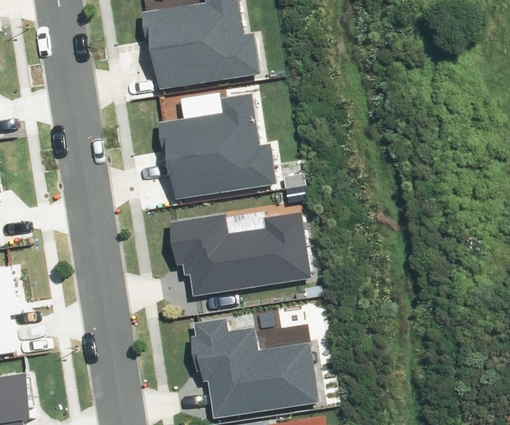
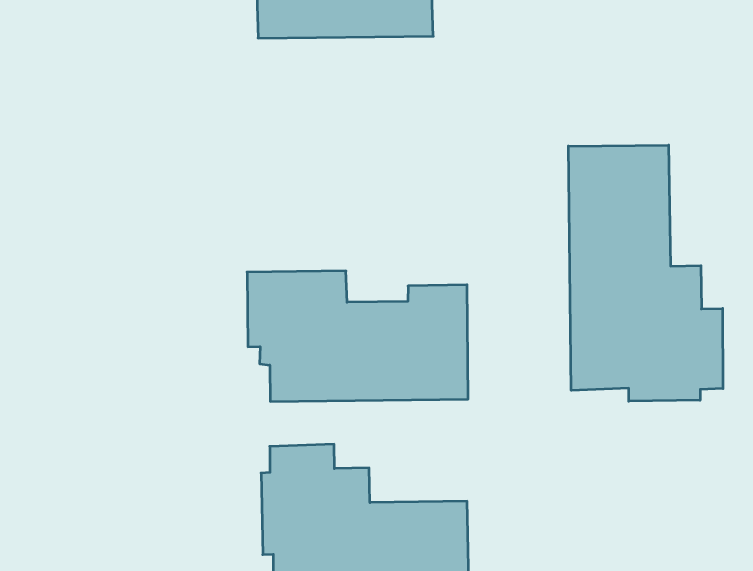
building: [158,96,274,198] -> none
building: none -> [568,145,723,401]

